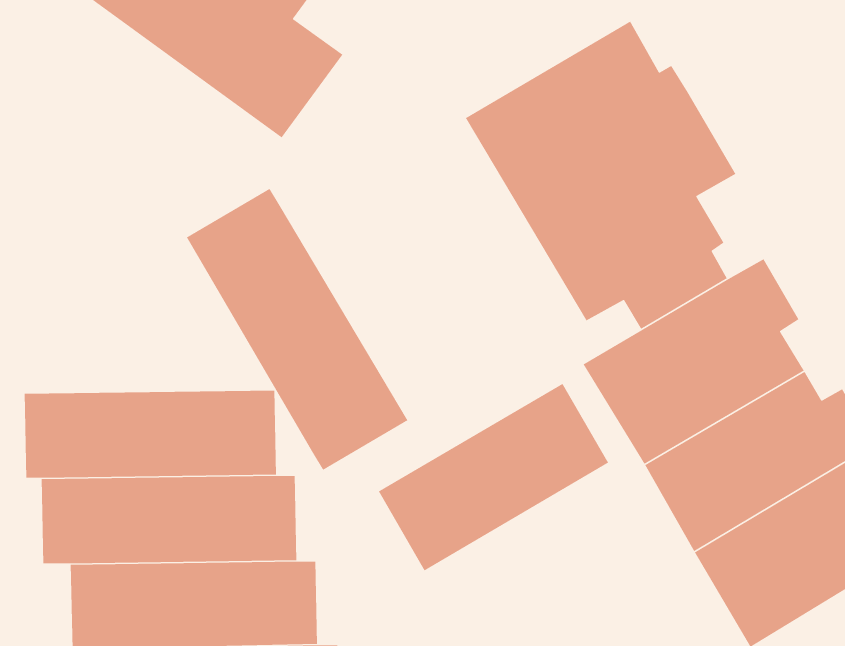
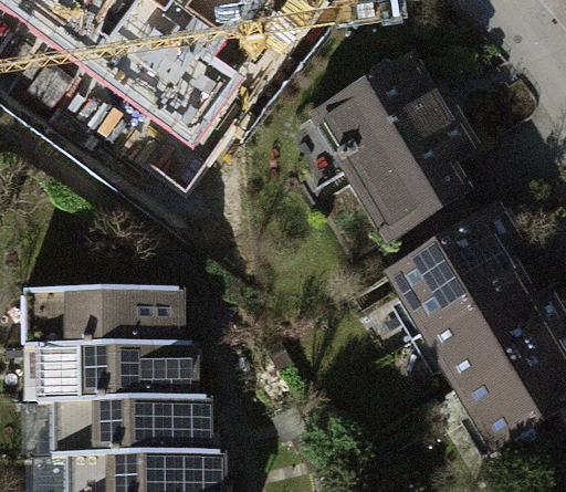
building: [186,188,408,471] -> none
building: [378,383,609,571] -> none

